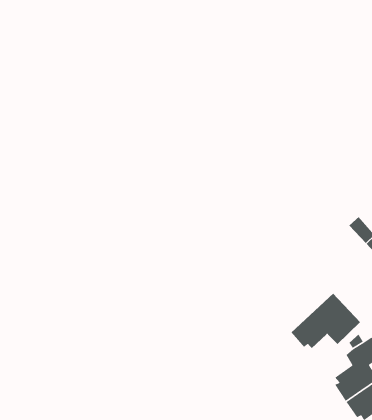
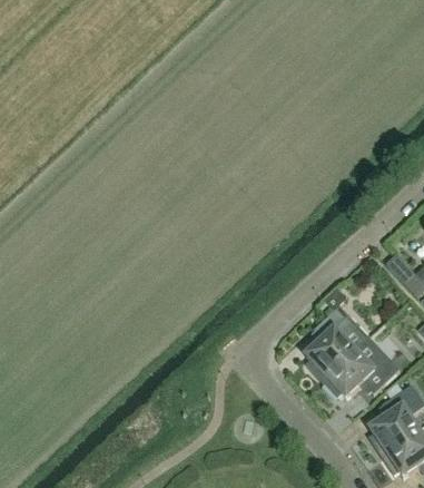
building: none -> [306,289,369,380]

